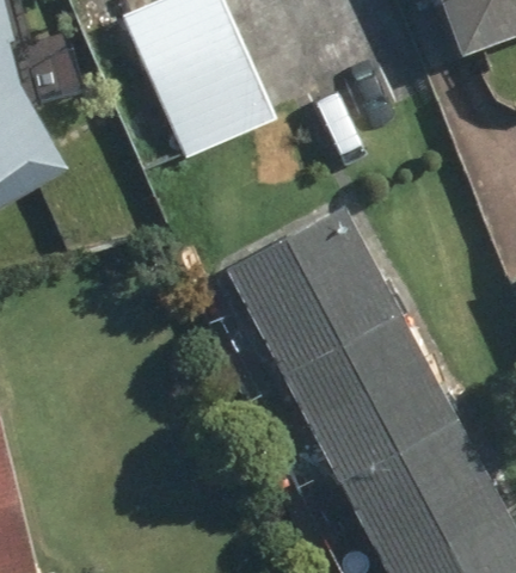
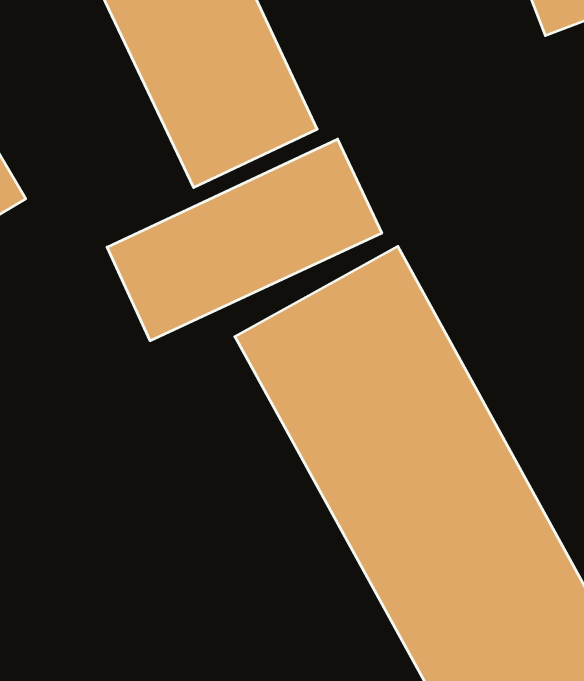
building: none -> [107,139,382,341]

